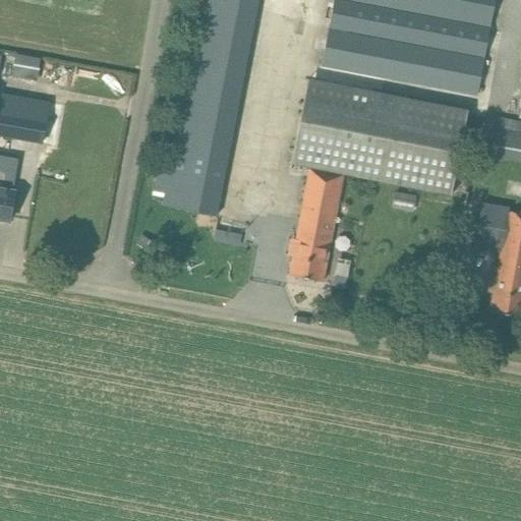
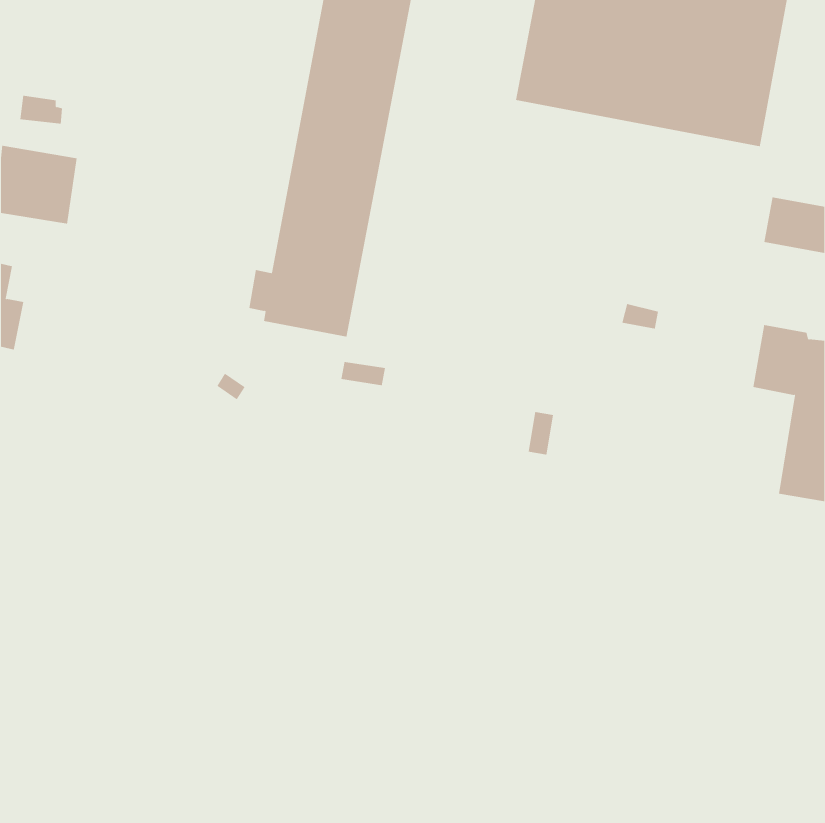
building: [290,78,468,281] -> none

